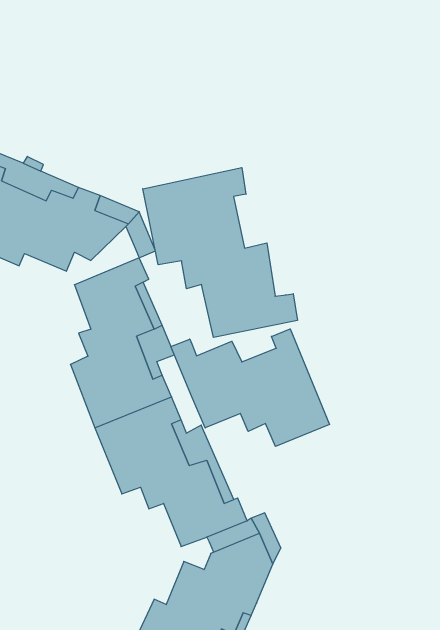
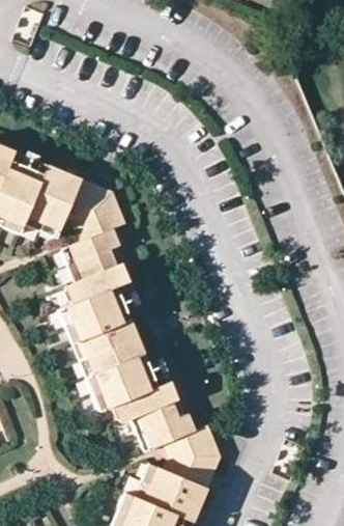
building: [143,168,297,337] -> none
building: [171,329,330,446] -> none

